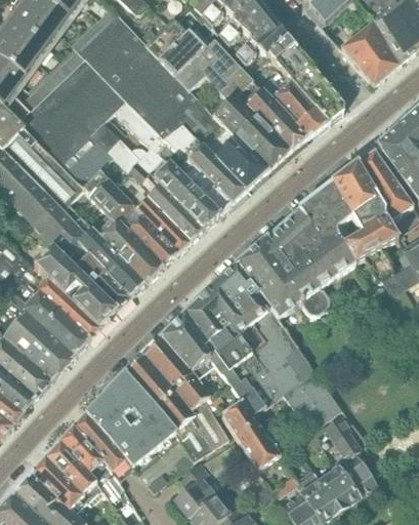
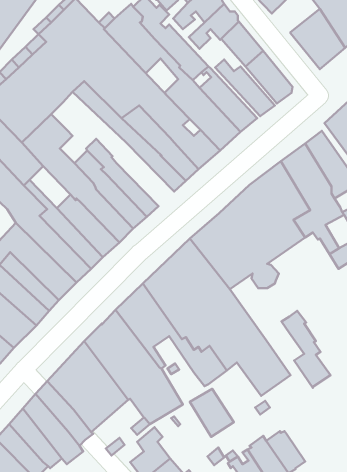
building: [89,120,218,229] -> none
building: [221,403,258,434] -> none
building: [323,415,374,496] -> [282,311,330,388]

